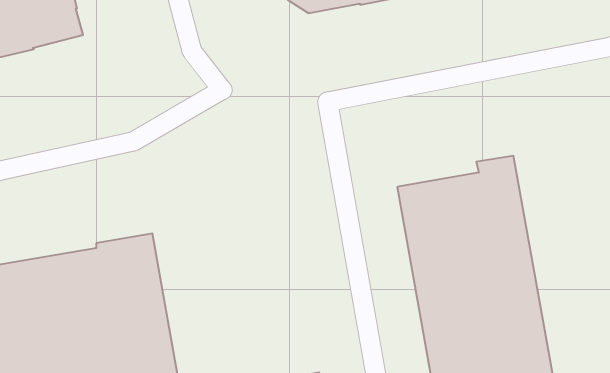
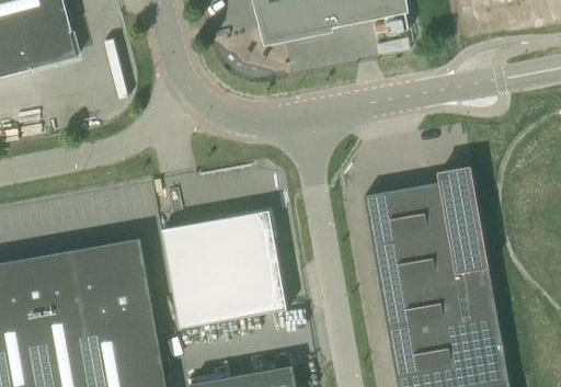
building: none -> [161,212,286,330]

